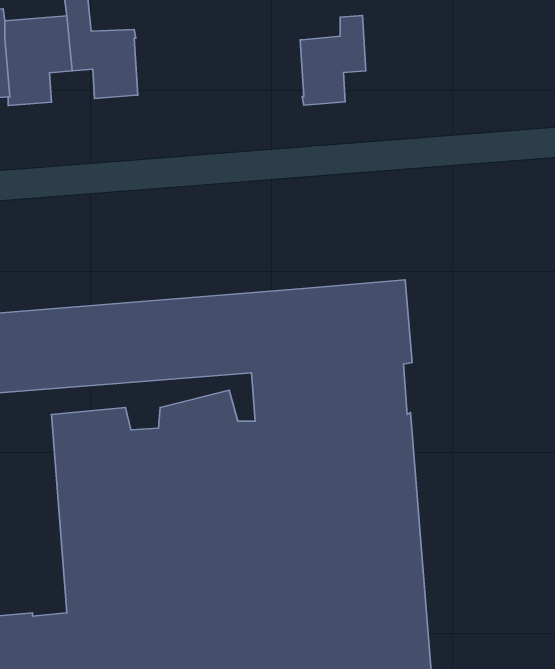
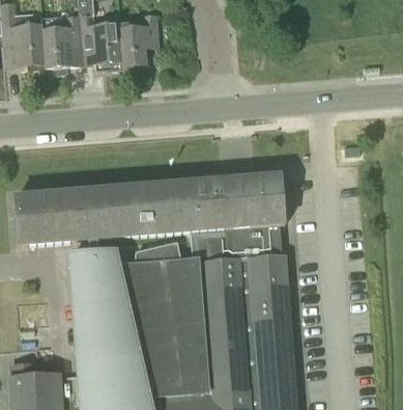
building: [300,16,366,105] -> [118,13,157,67]

